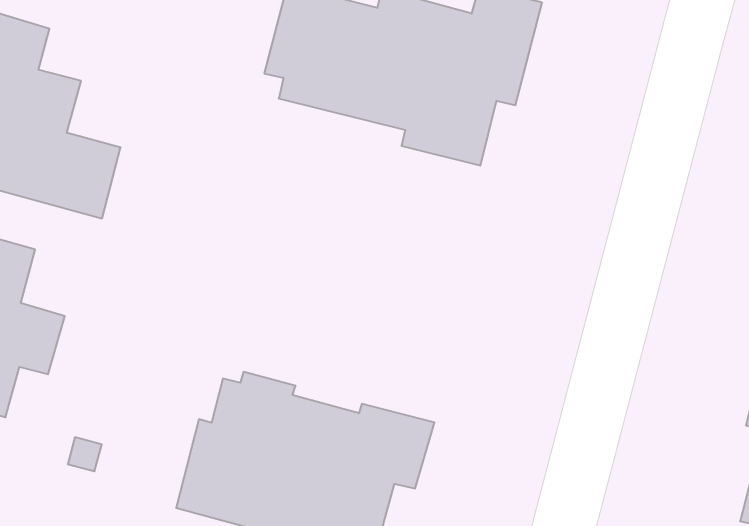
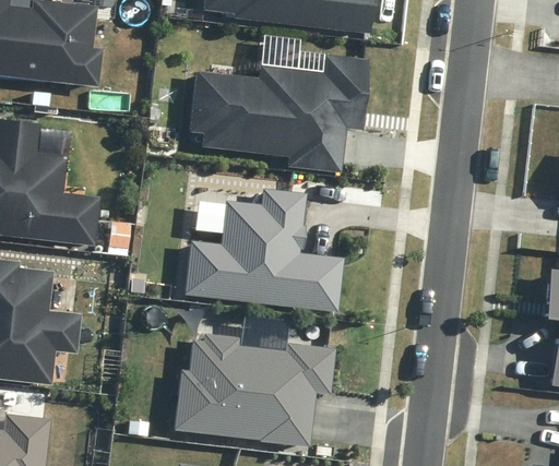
building: none -> [182,187,343,311]

